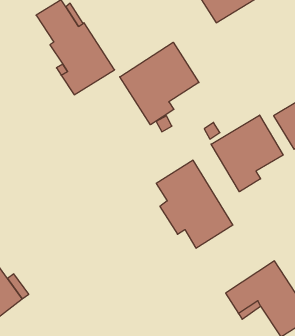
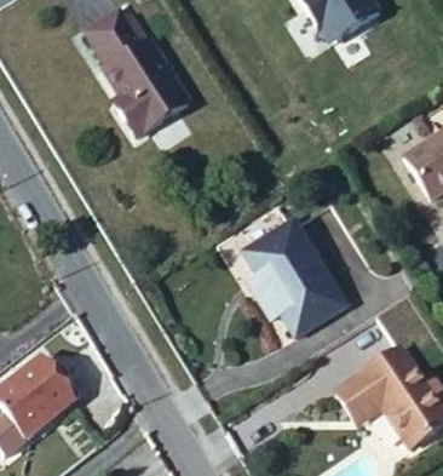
building: [120,42,199,125] -> none
building: [211,115,283,192] -> none

